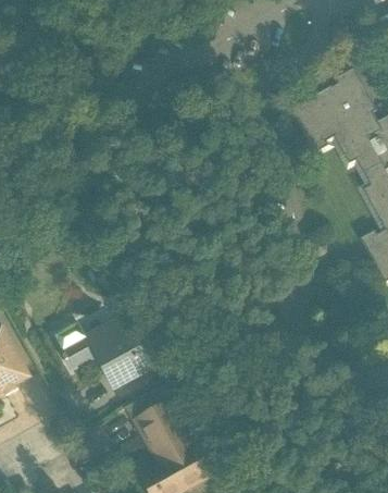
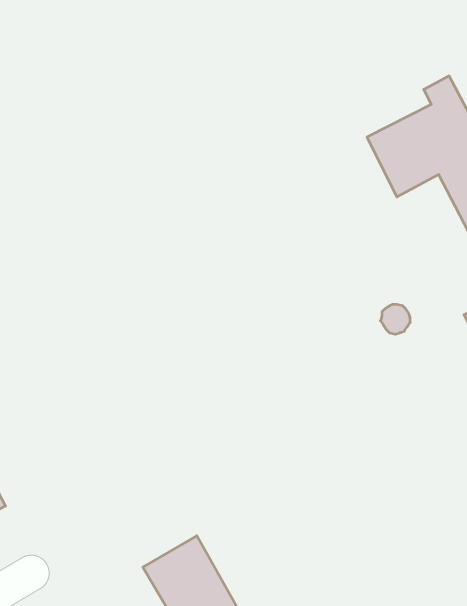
building: [59,312,153,392] -> none

